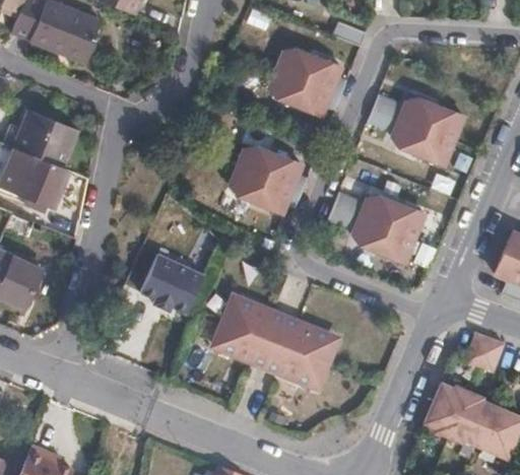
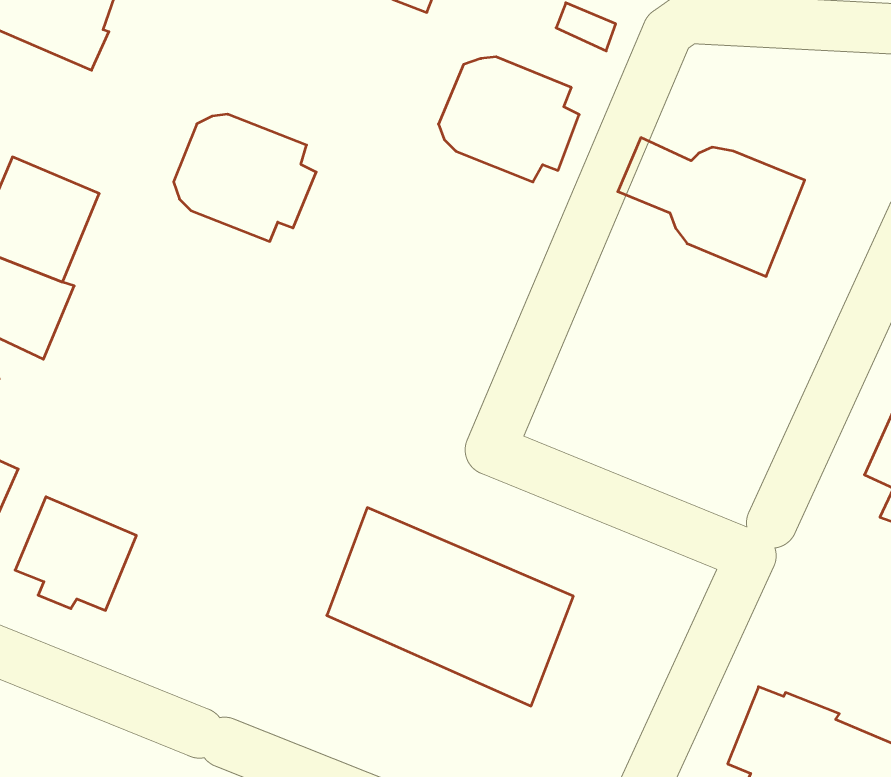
building: [230,148,305,215] -> [174,114,316,241]
building: [324,192,421,264] -> none
building: [141,252,205,312] -> [15,497,136,610]
building: [461,333,501,371] -> none

